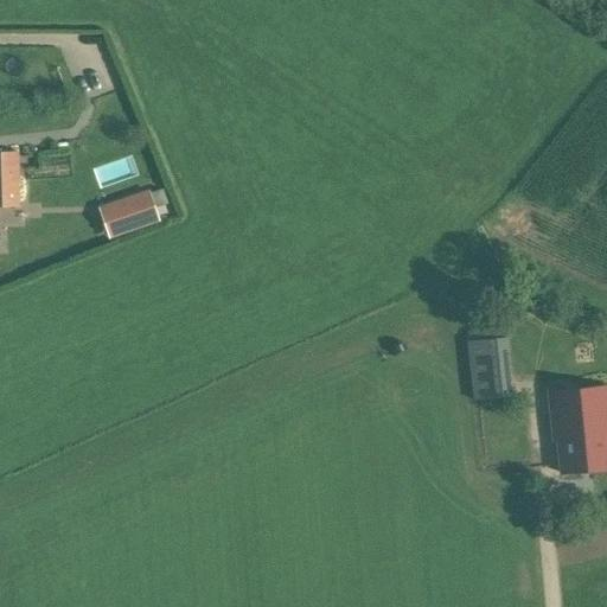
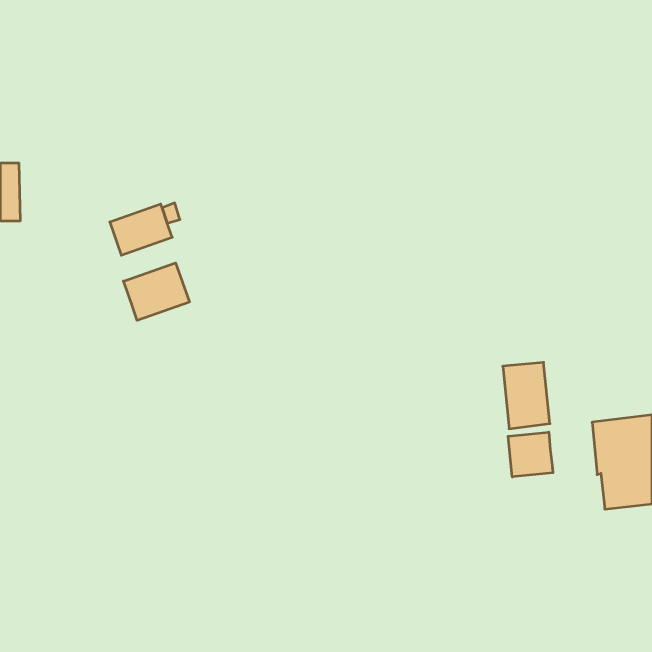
building: none -> [123,263,189,320]
building: none -> [508,432,553,477]

